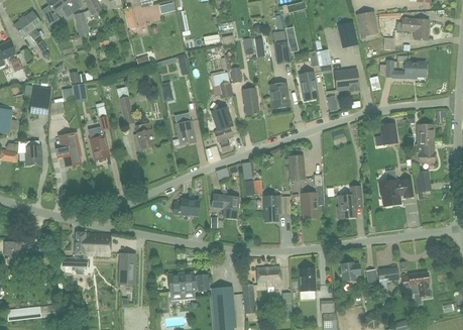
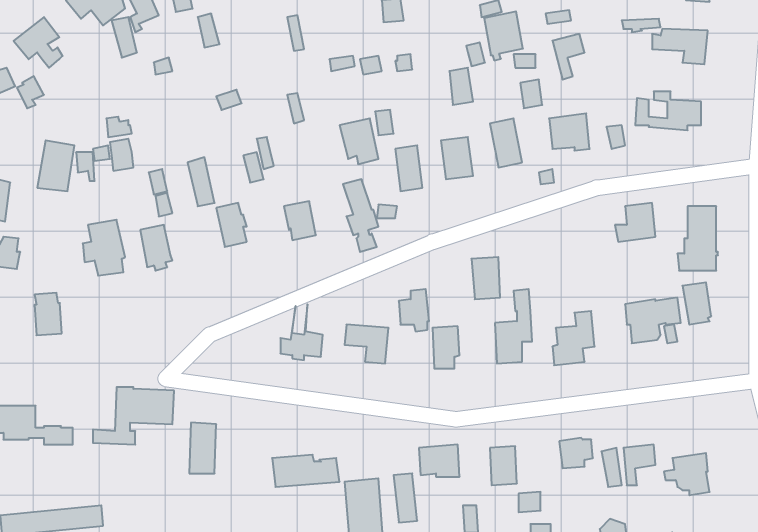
building: [355,10,378,39] -> [484,11,523,60]
building: [25,139,41,164] -> [35,293,62,335]

